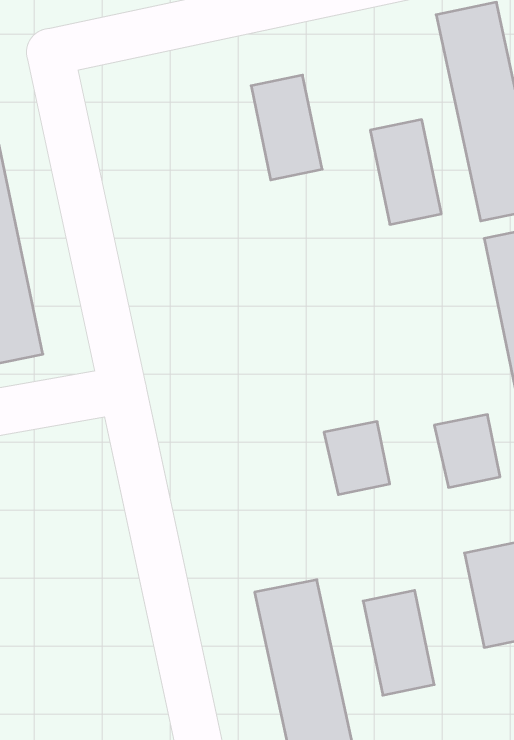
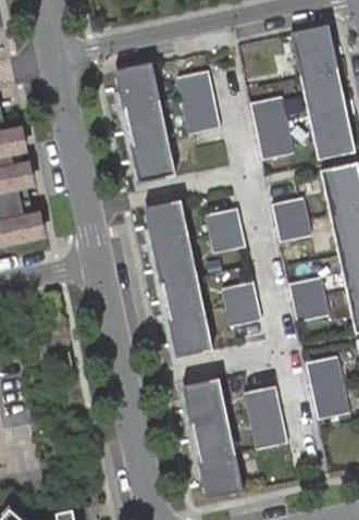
building: none -> [115,63,175,184]
building: none -> [273,197,312,242]
building: none -> [145,200,209,358]
building: none -> [207,208,246,252]

